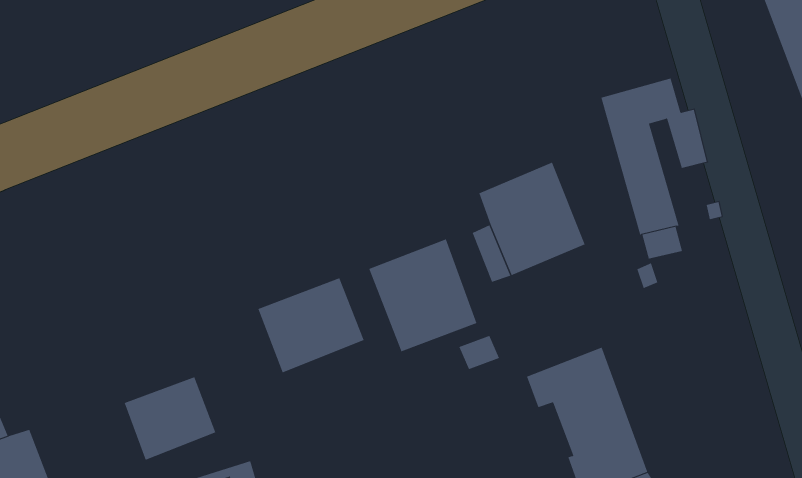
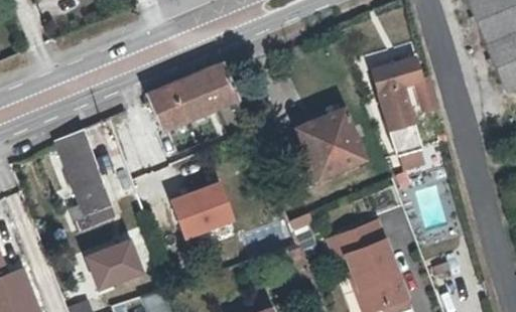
building: none -> [143,60,238,132]
building: none -> [55,130,113,219]
building: [369,239,477,352] -> none

